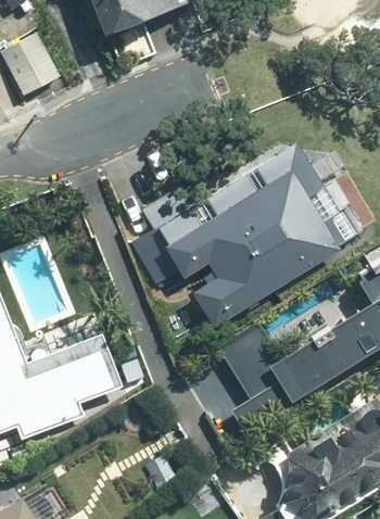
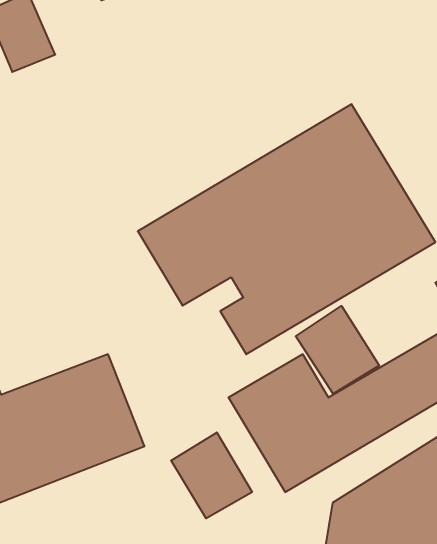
building: none -> [296,306,379,394]
building: none -> [171,432,252,518]

